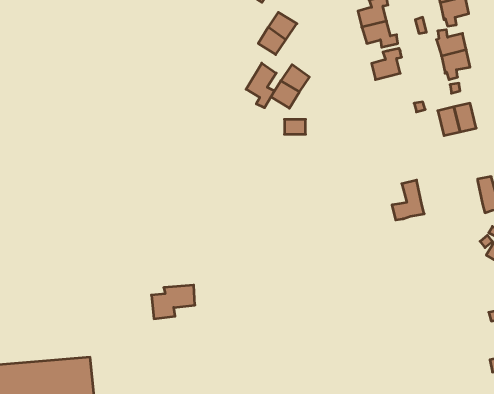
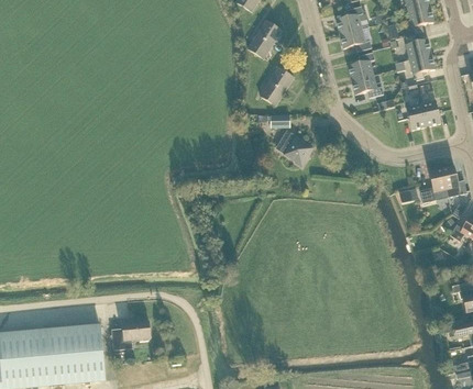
building: [246,63,276,108] -> none
building: none -> [351,75,383,104]
building: none -> [277,131,311,167]
building: [392,180,424,220] -> [419,168,448,203]
building: [151,285,195,319] -> [111,321,150,351]

